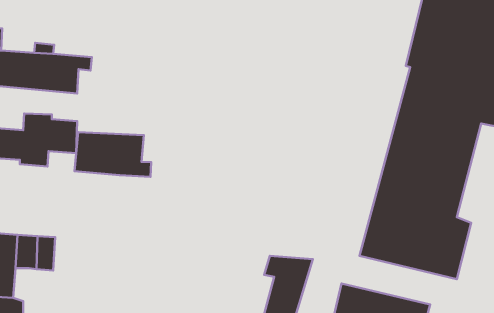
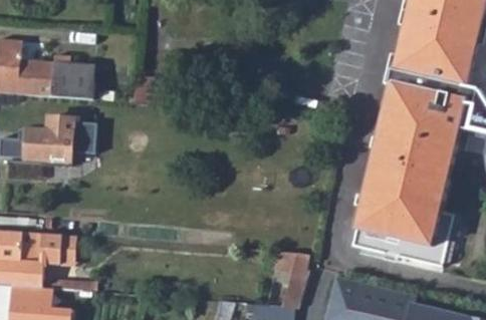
building: [75,132,151,177] -> none

